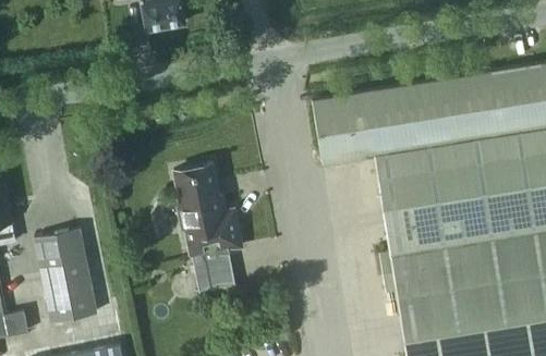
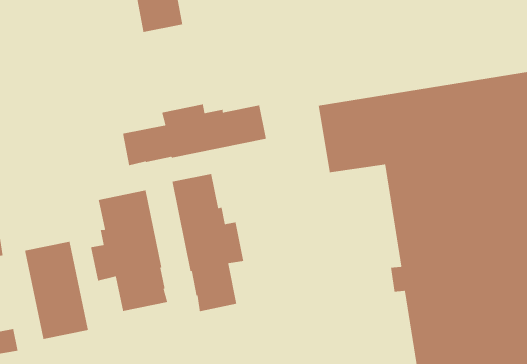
building: none -> [122,103,267,166]
building: none -> [90,189,168,312]

